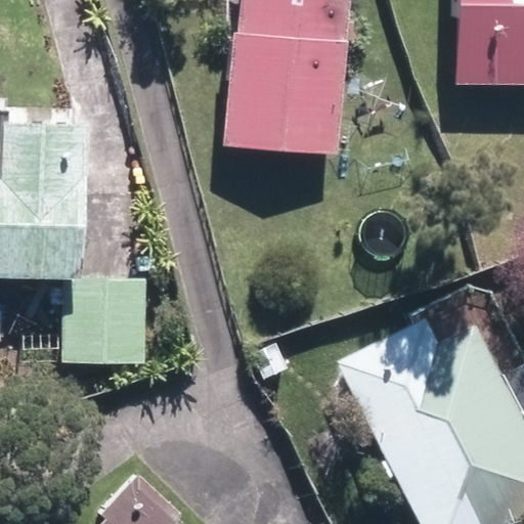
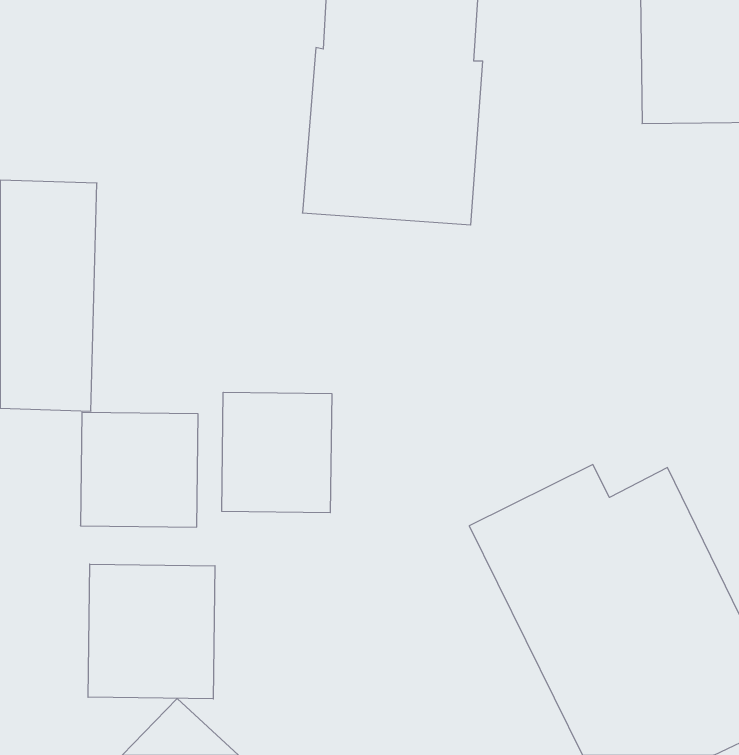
building: none -> [222,392,332,513]
building: none -> [88,564,215,699]

